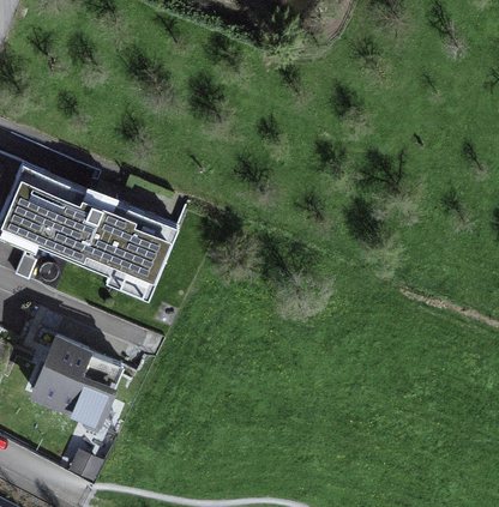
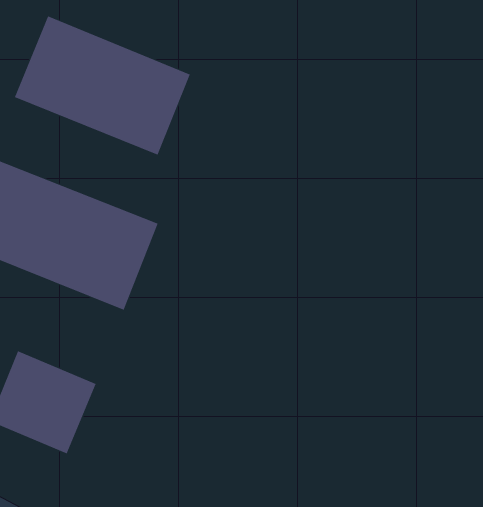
building: none -> [14,15,190,155]

